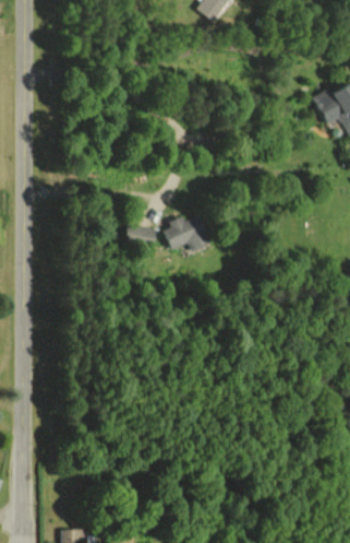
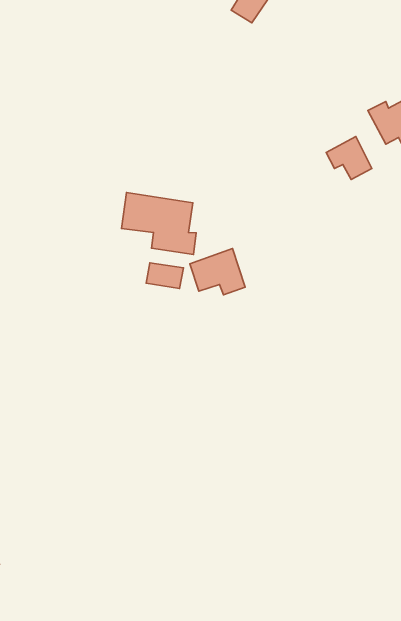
building: none -> [326,136,372,180]
building: none -> [121,193,196,255]

